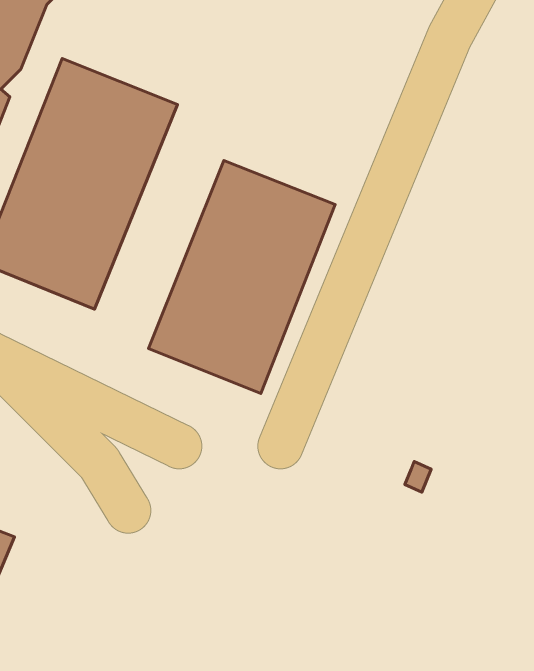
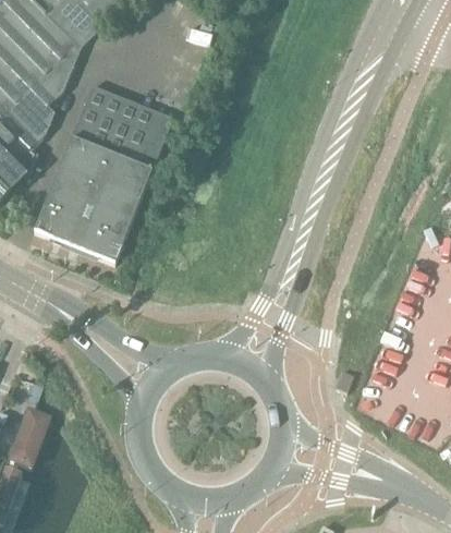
building: [148,161,335,393] -> none

